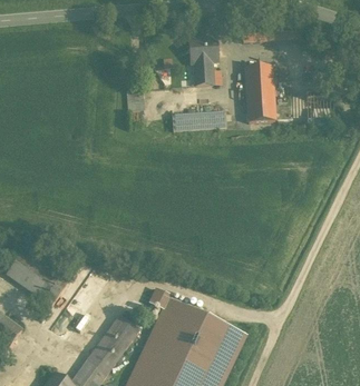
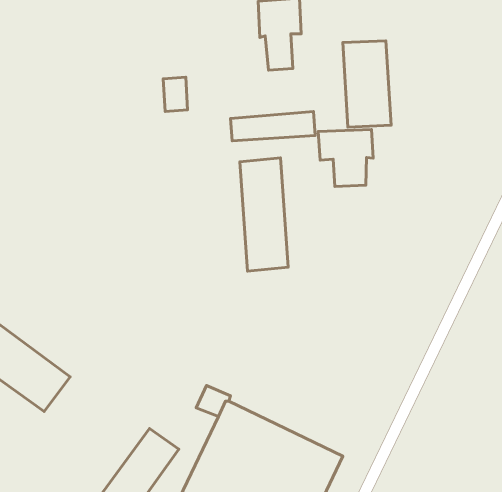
building: none -> [318,129,373,187]
building: none -> [240,158,288,271]

